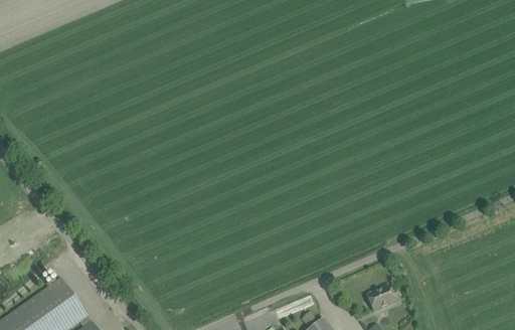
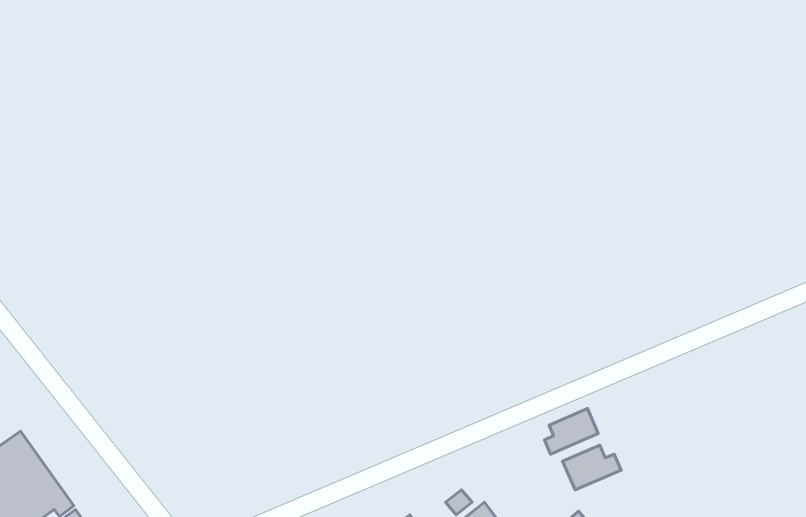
building: none -> [545,408,598,454]

